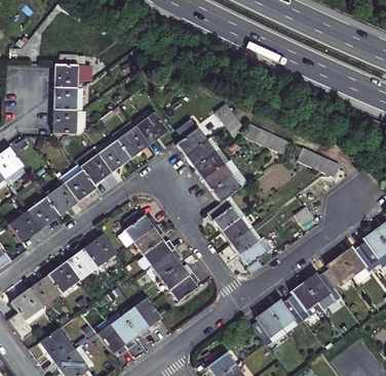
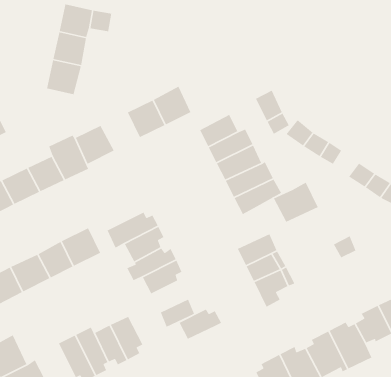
building: [99,139,130,171] -> none
building: [207,196,244,231] -> [273,181,319,223]
building: [160,263,194,290] -> [179,309,222,340]

